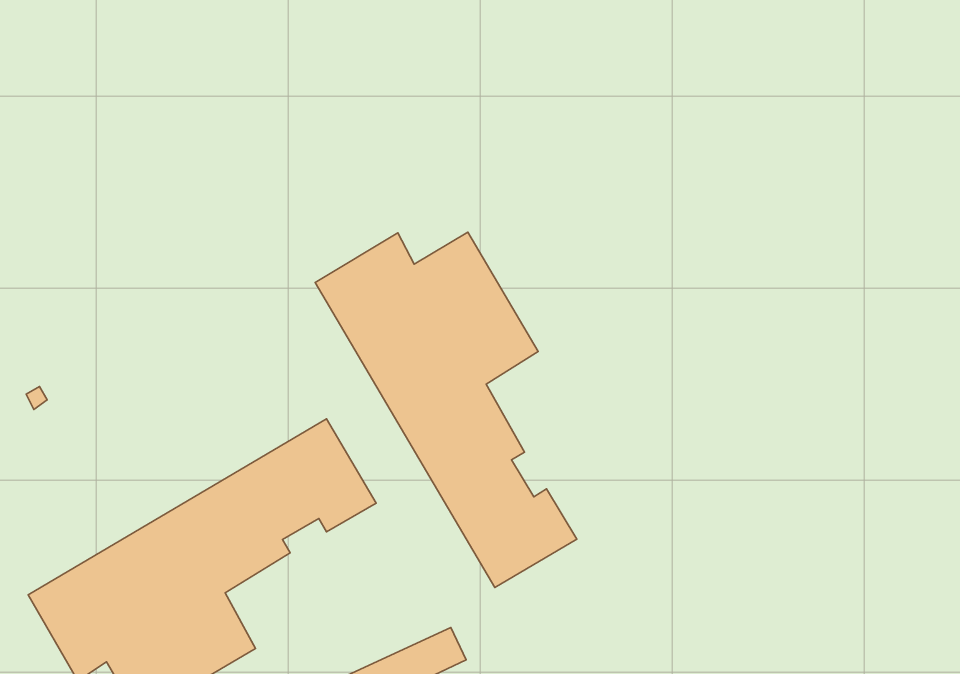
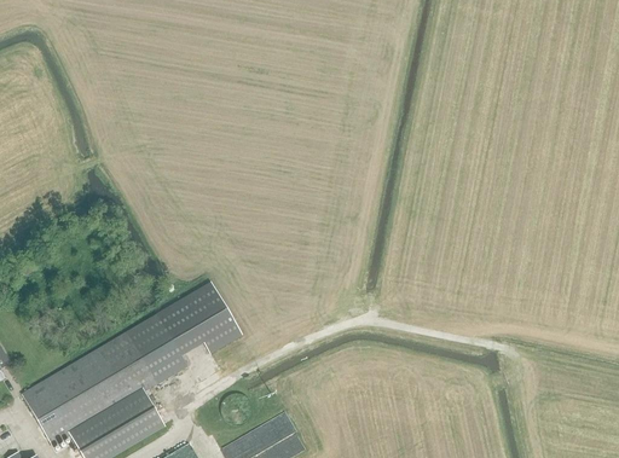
building: [315,232,577,587] -> none

